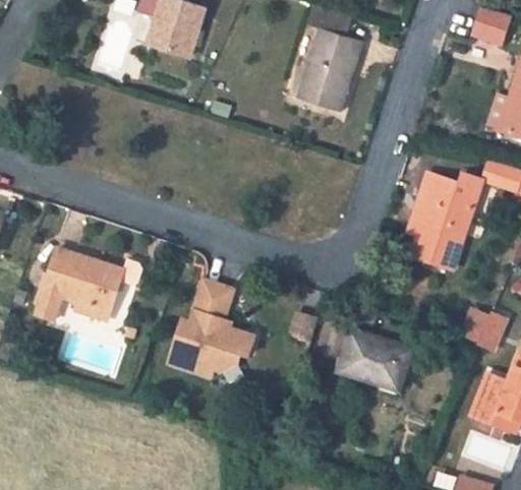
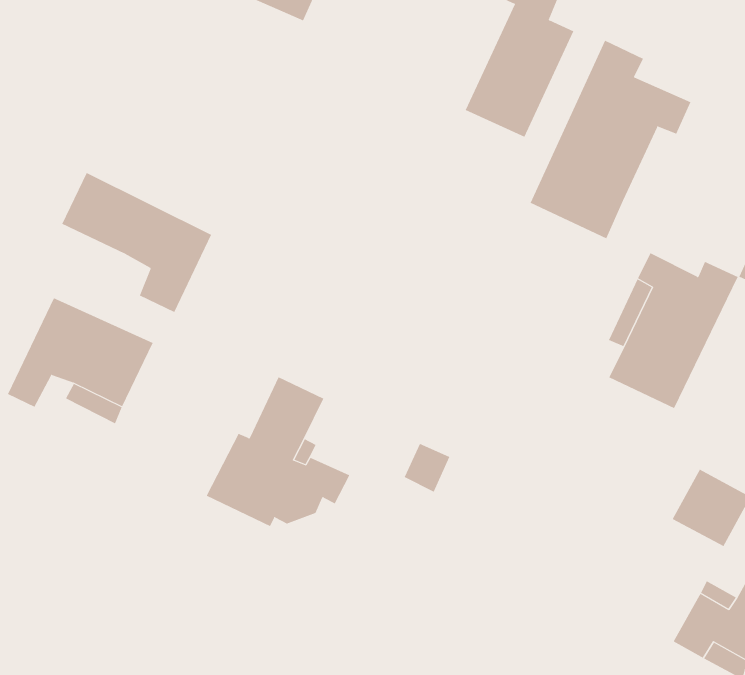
building: none -> [530,40,691,239]
building: none -> [61,172,212,313]
building: [338,328,413,390] -> none

